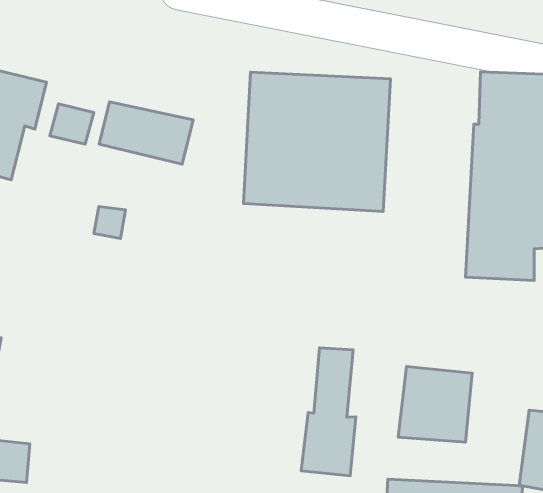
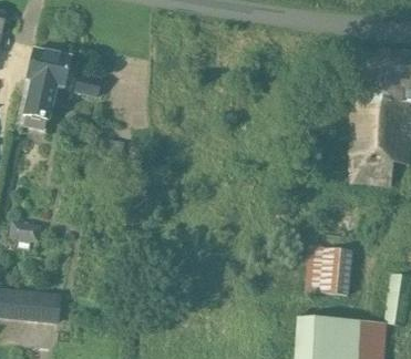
building: [243,72,391,212] -> none
building: [99,102,193,164] -> none
building: [301,348,356,476] -> none

